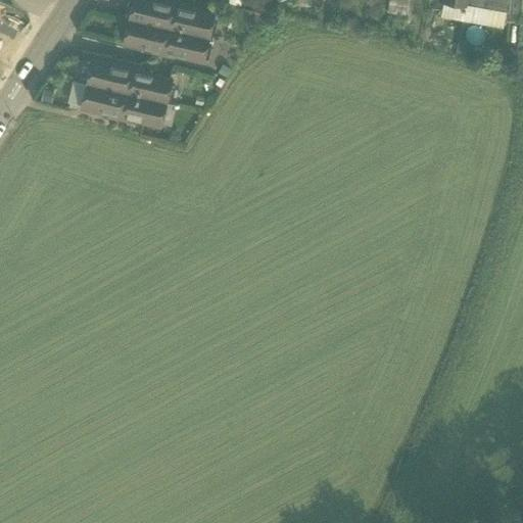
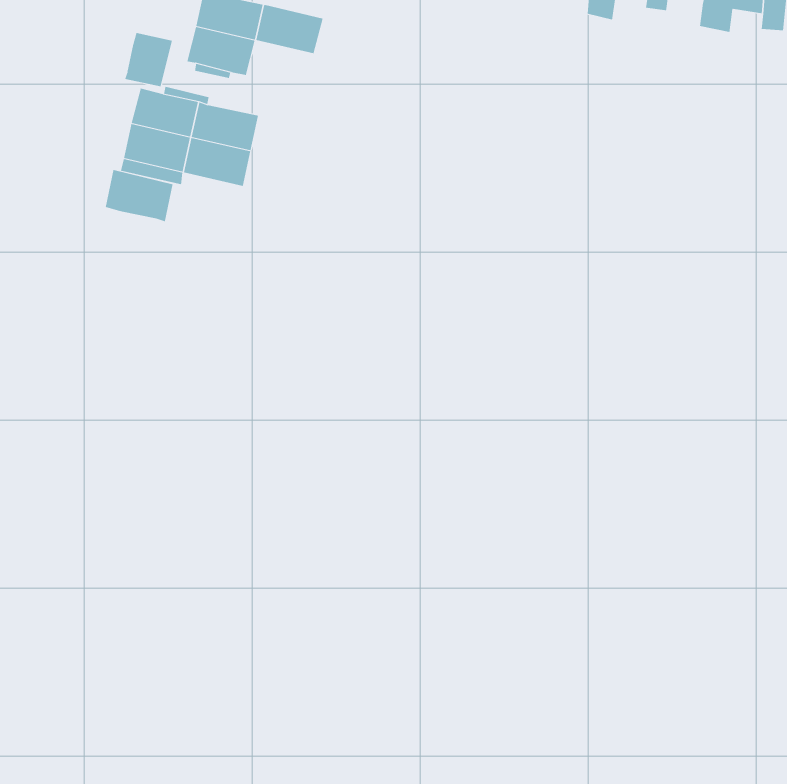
building: none -> [125,32,172,87]
building: [163,27,208,59] -> none
building: none -> [105,169,173,222]

